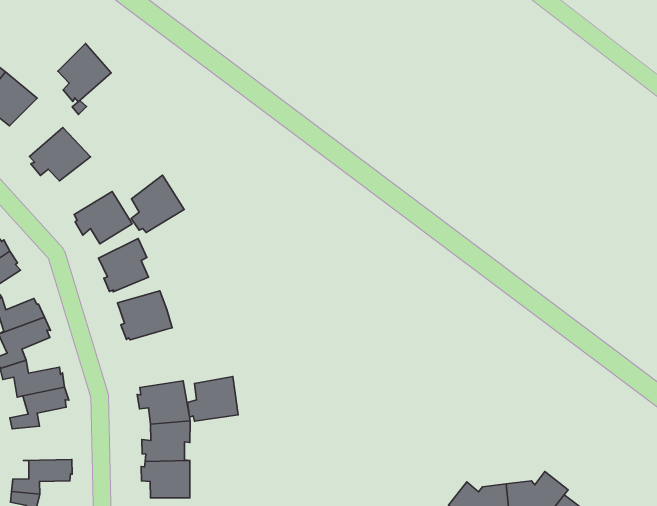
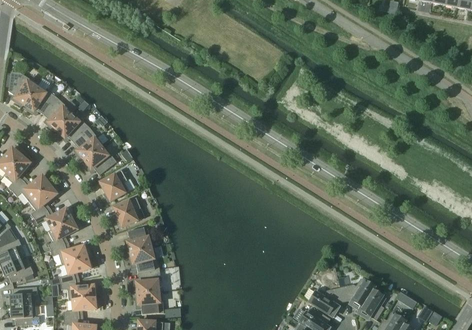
building: [58,43,111,102] -> [43,96,73,129]
building: [131,175,184,233] -> [74,126,104,159]
building: [187,377,238,421] -> [125,225,154,252]
building: none -> [61,279,96,299]

